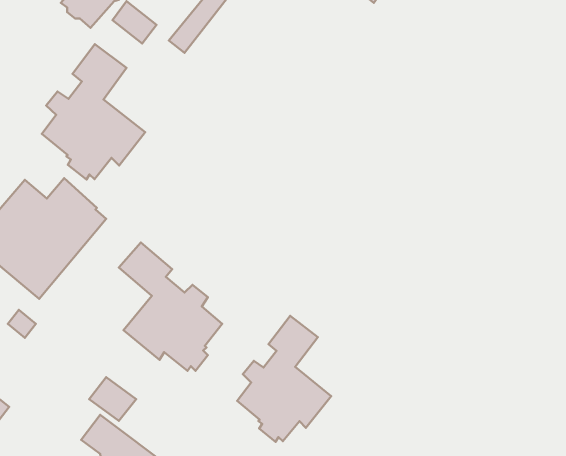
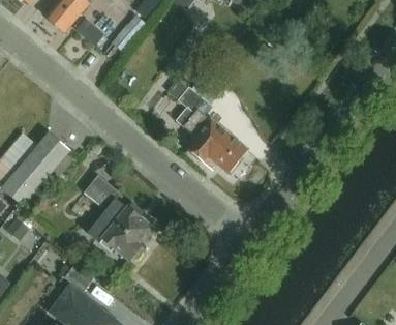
building: [42,44,145,180] -> none
building: none -> [176,85,247,172]
building: [237,316,331,442] -> none

